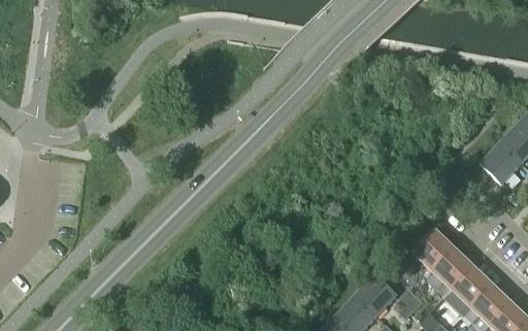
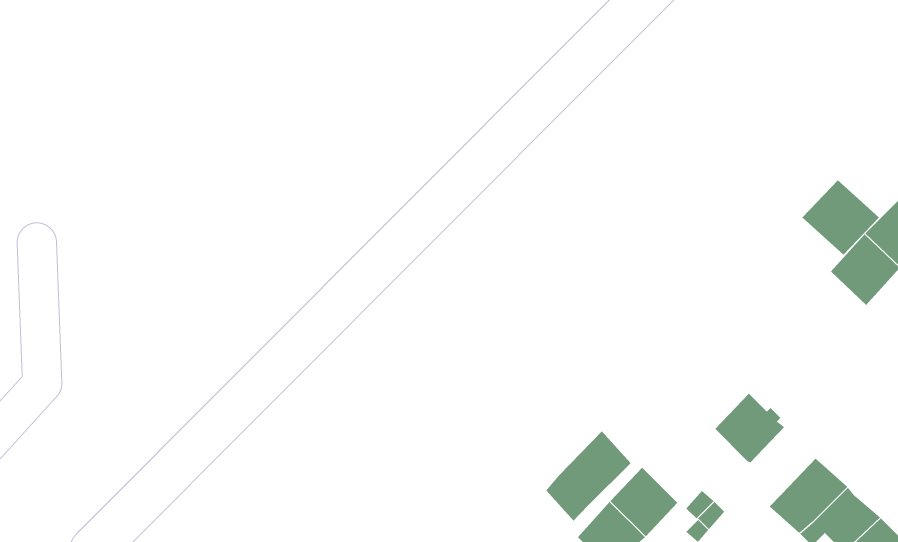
building: none -> [802,179,880,255]
building: [426,250,472,295] -> none
building: none -> [546,431,632,521]

